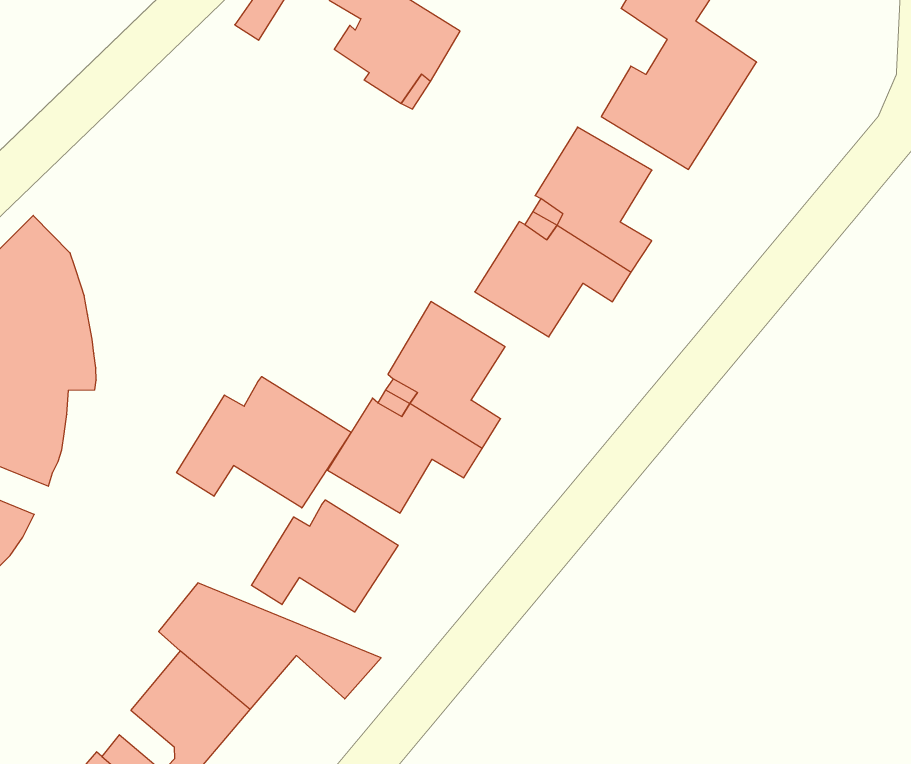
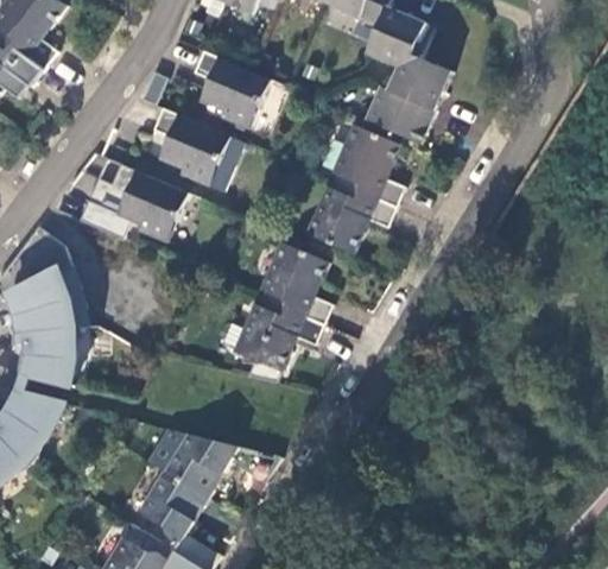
building: none -> [153,107,243,191]
building: none -> [80,164,189,242]
building: [177,377,351,508] -> none
building: [251,500,398,612] -> none

